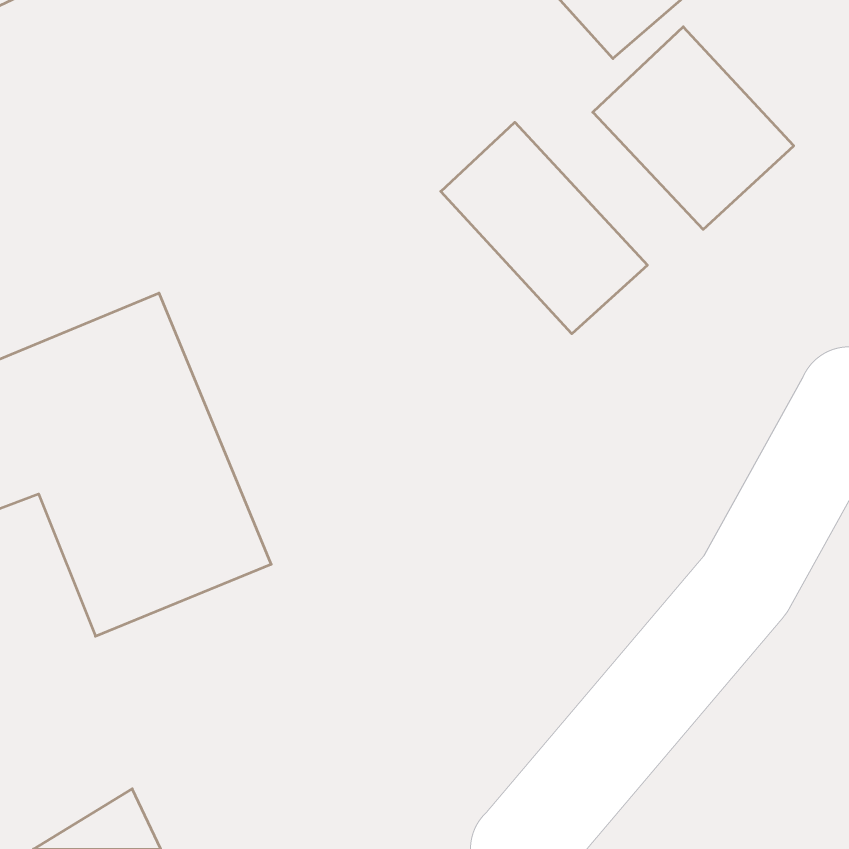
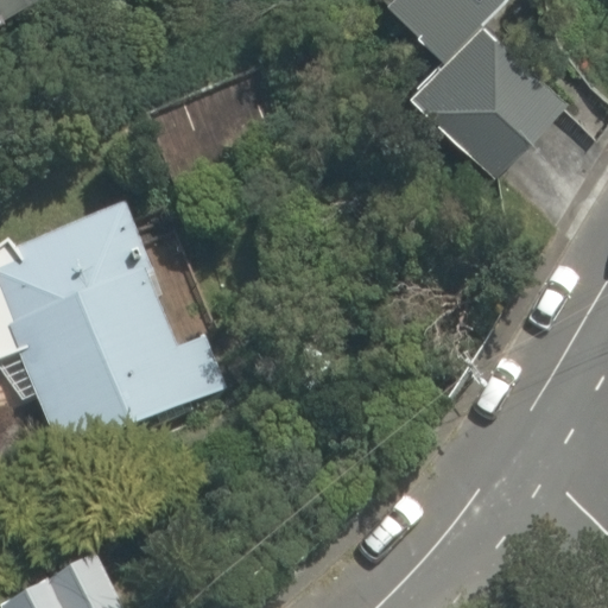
building: [441,122,647,334] -> none

